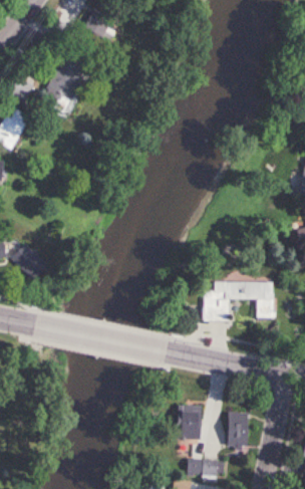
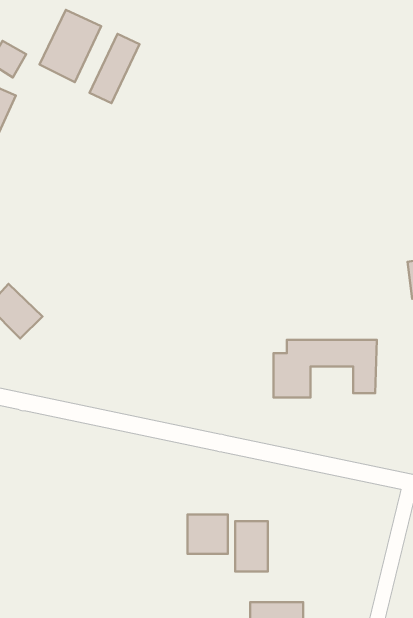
building: none -> [90,34,139,103]
building: none -> [188,514,228,554]
building: [228,412,249,448] -> none

